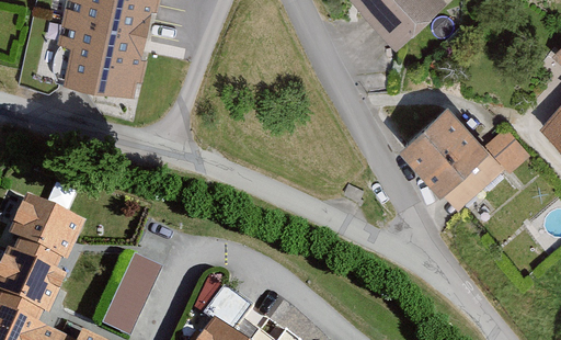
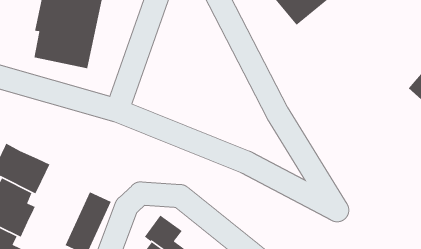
building: [412,102,533,209] -> none

